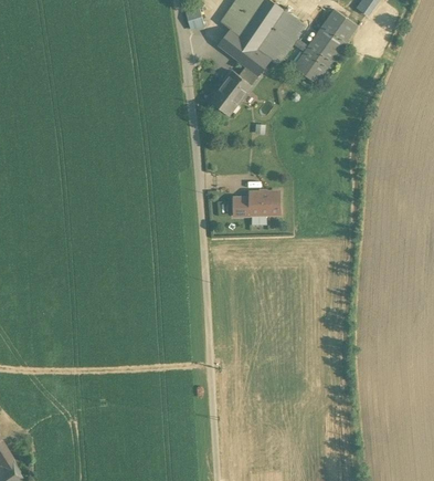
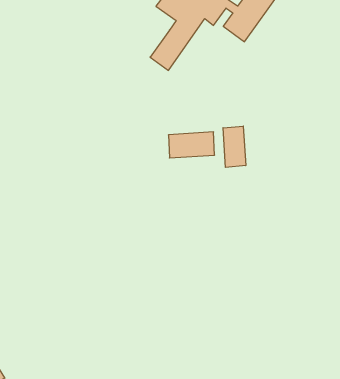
building: none -> [223,126,246,167]

